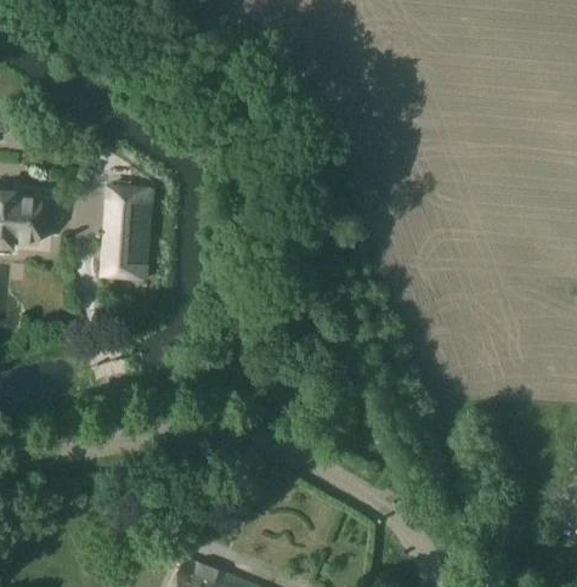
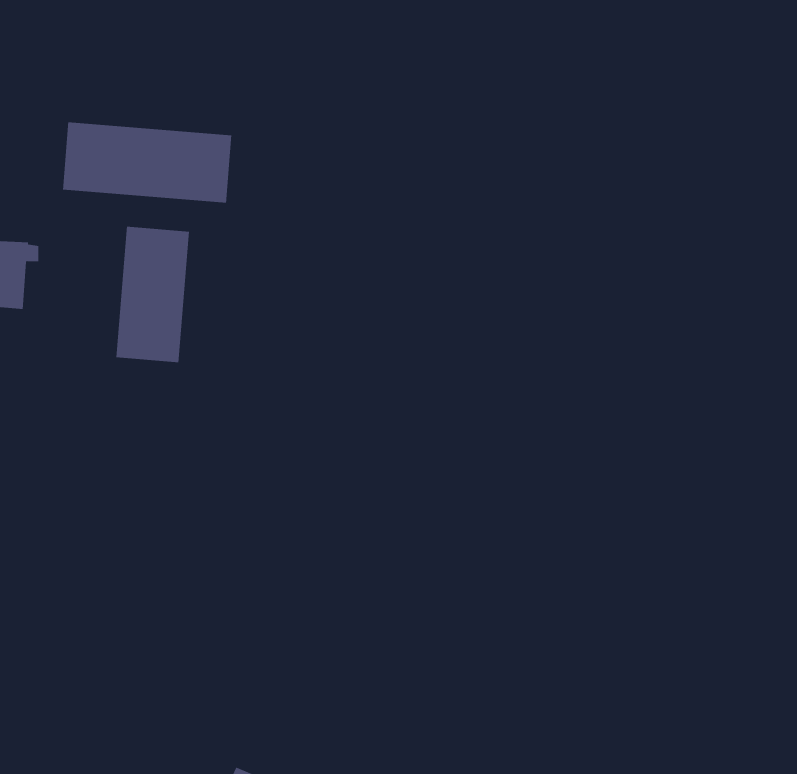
building: none -> [63,121,232,203]

